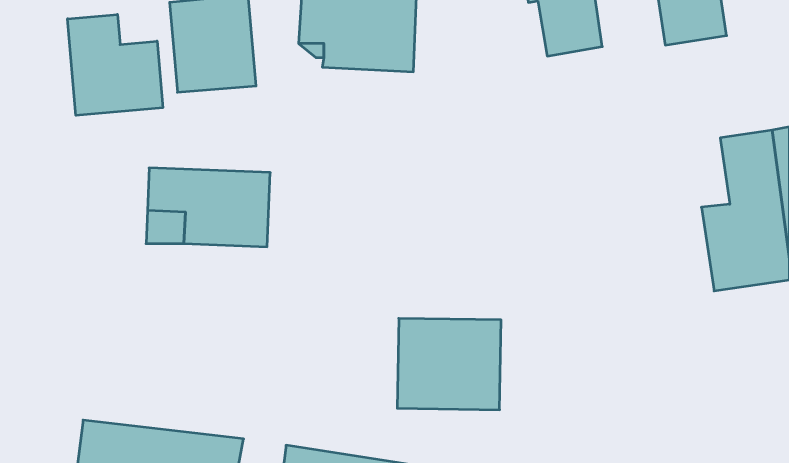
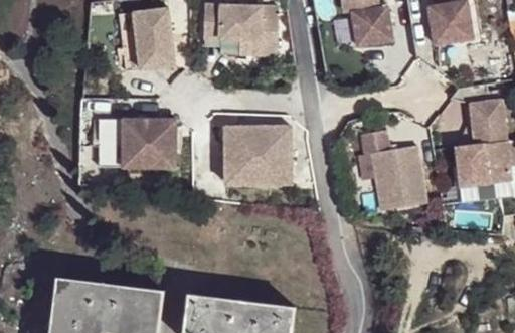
building: [68,14,163,115] -> none
building: none -> [360,121,425,201]
building: [397,318,501,410] -> [221,124,288,182]

